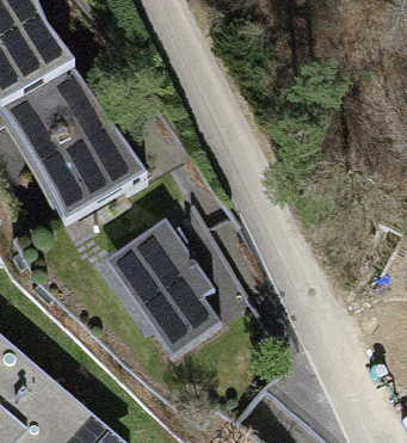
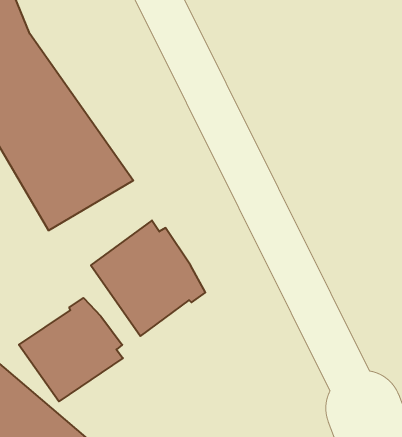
building: none -> [19,298,123,401]

